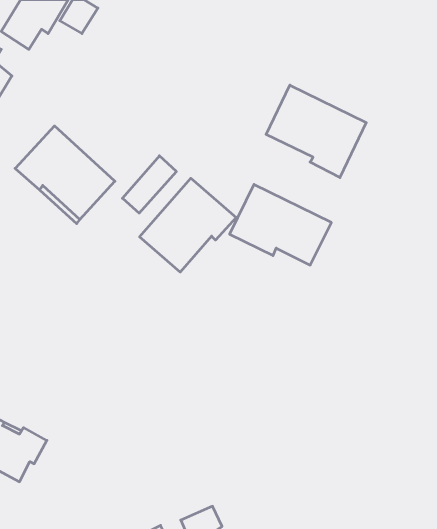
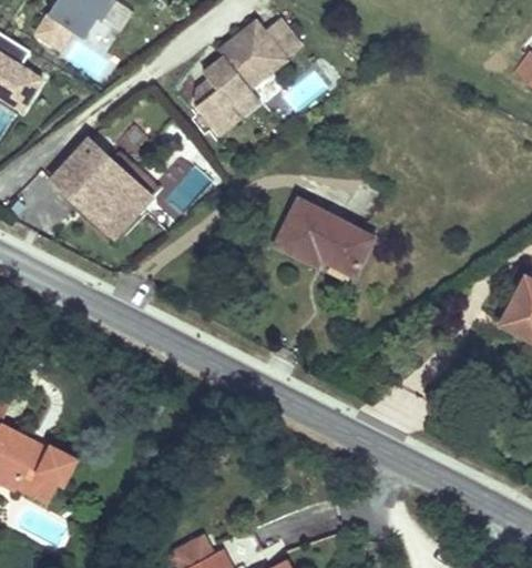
building: none -> [191,16,303,136]
building: [266,85,366,178] -> none
building: [140,178,236,272] -> none

